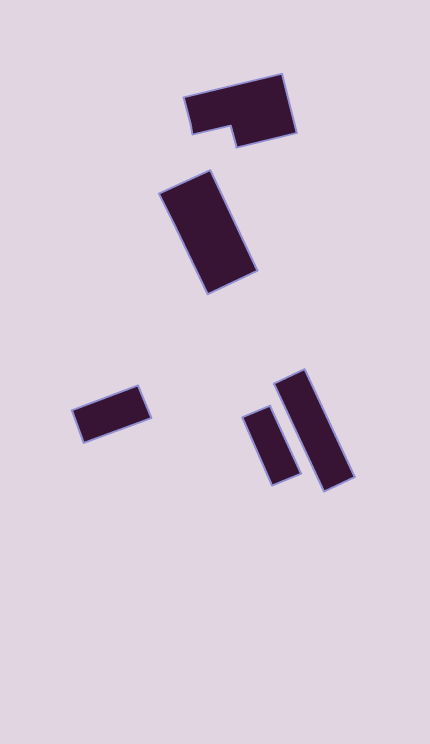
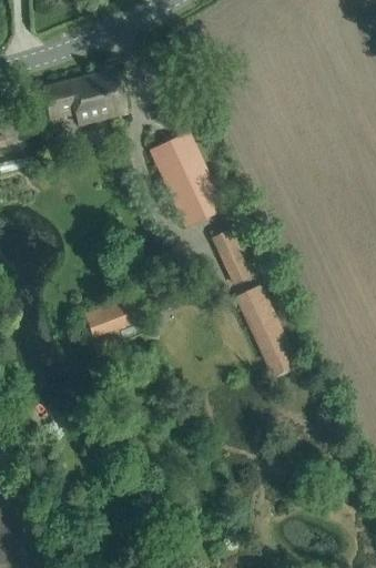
building: [183,74,297,148] -> [41,71,126,126]
building: [242,406,301,485] -> [211,224,255,284]

